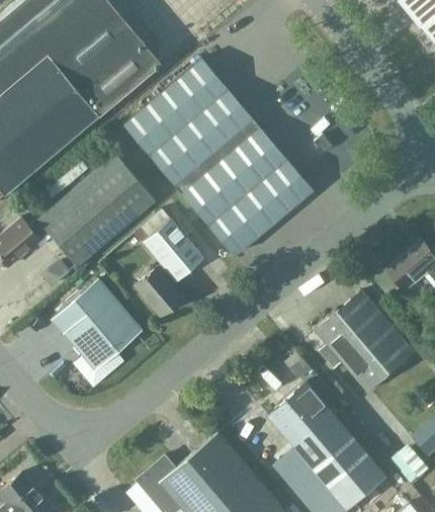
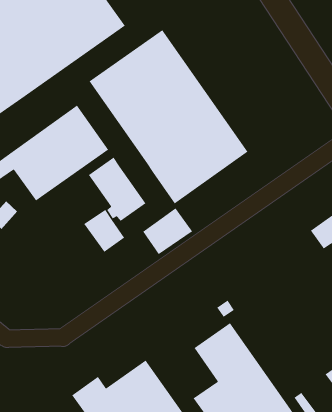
building: none -> [142,207,193,255]
building: [52,282,141,370] -> none
building: [318,291,417,394] -> none

